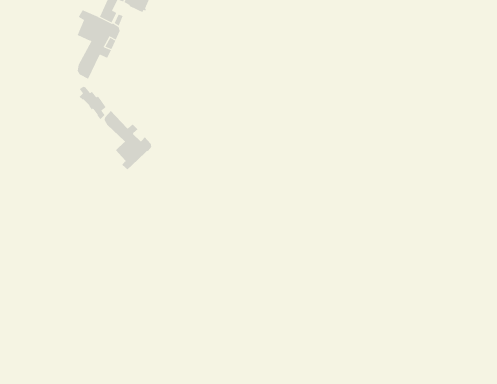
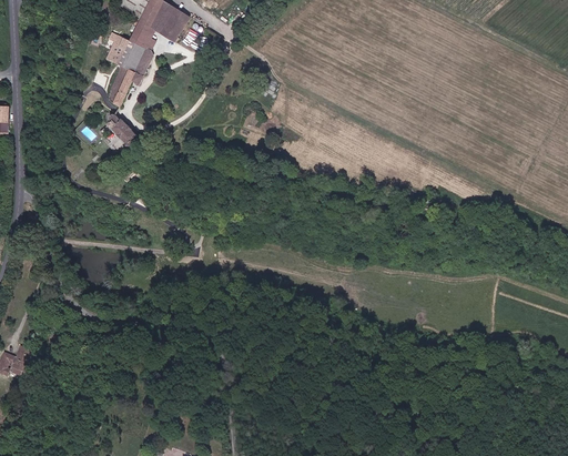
building: [104,110,152,170] -> none

